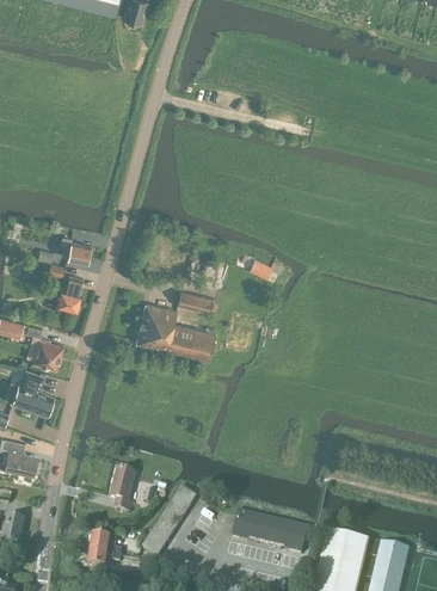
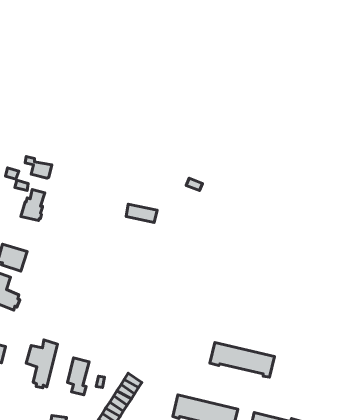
building: [136,303,215,359] -> none
building: none -> [26,340,57,388]
building: none -> [210,342,274,377]

